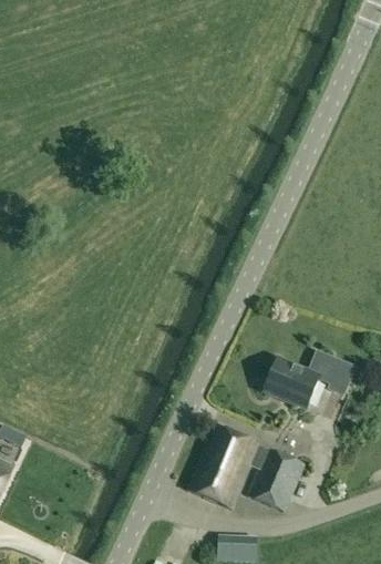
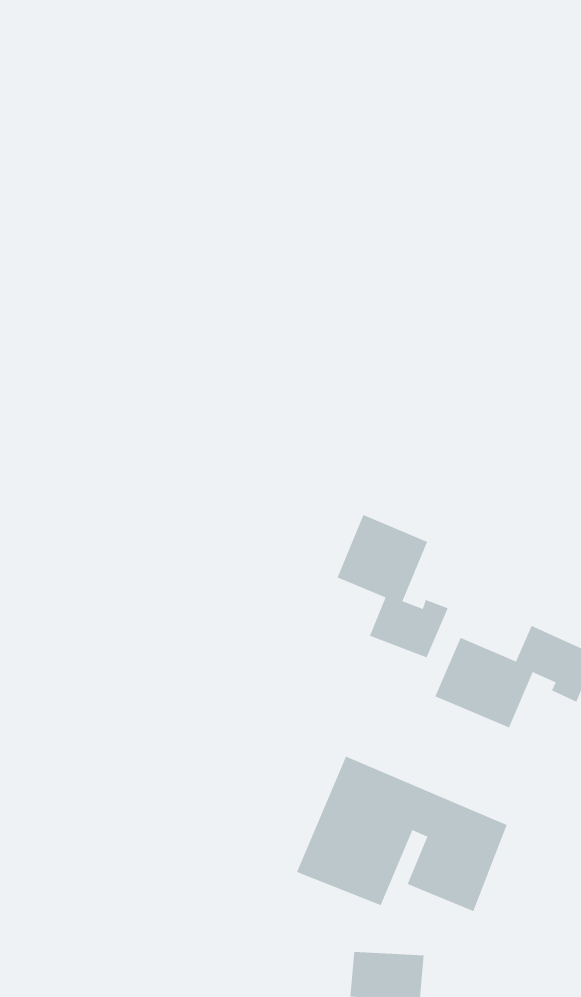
building: none -> [337,514,448,658]

